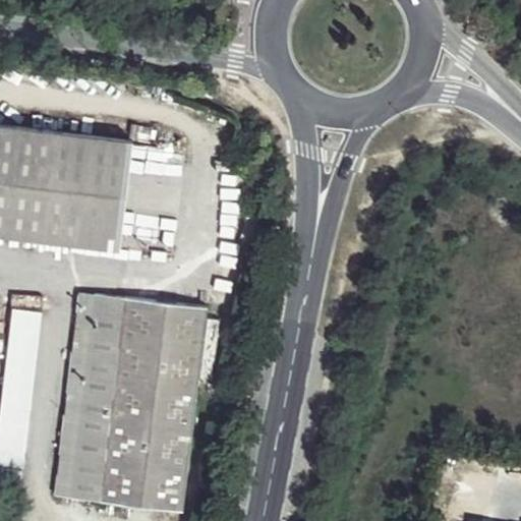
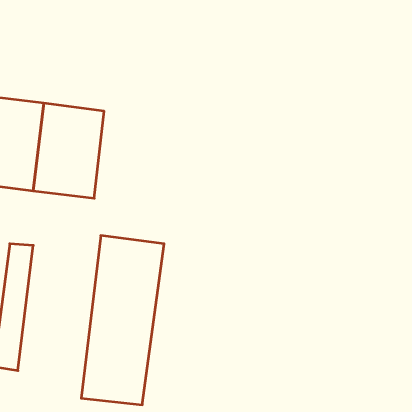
building: [55,294,126,503] -> none

